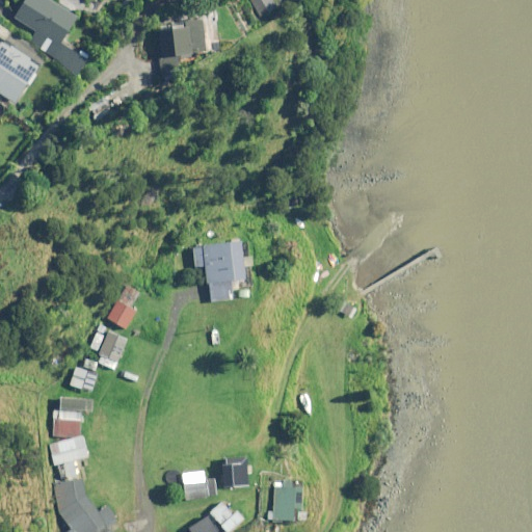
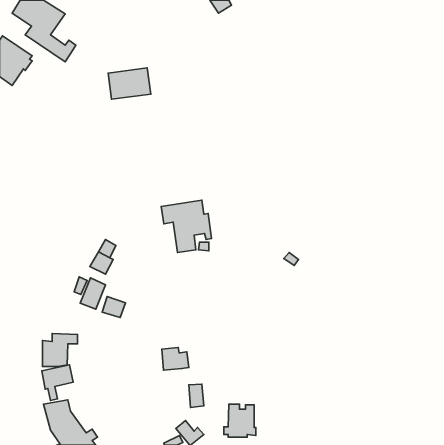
building: [157,20,208,57] -> [108,68,151,99]
building: [70,366,98,391] -> [102,297,126,318]
building: [183,472,215,499] -> [162,347,189,370]

